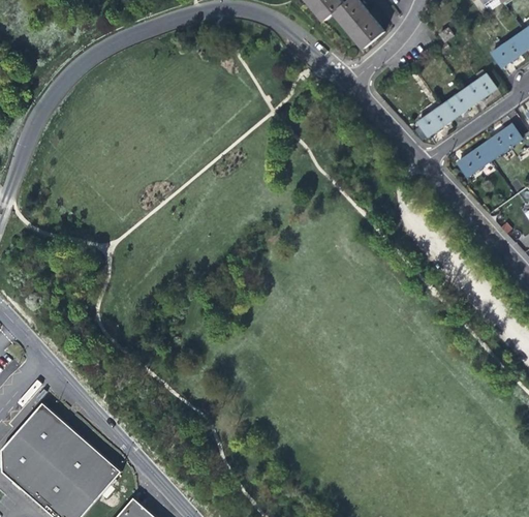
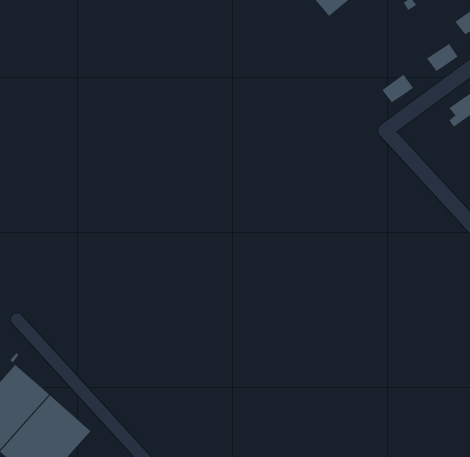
building: [438,91,471,121] -> none
building: [455,142,490,178] -> none

